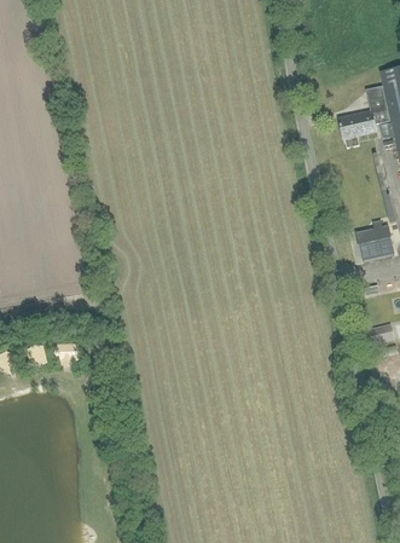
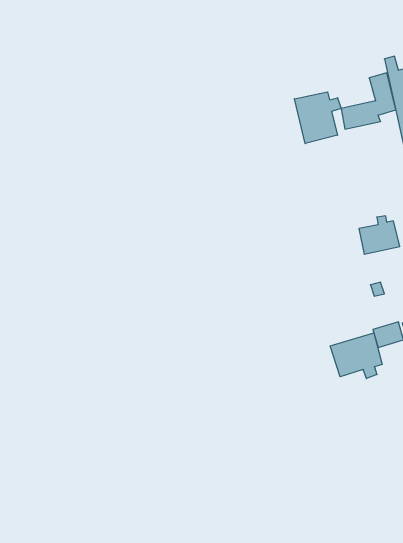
building: none -> [294,92,341,144]
building: none -> [330,333,382,379]

